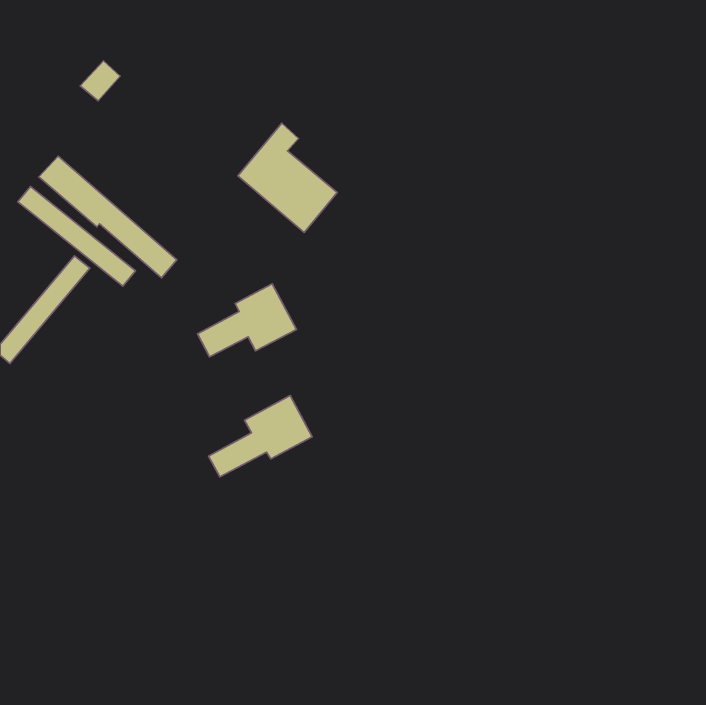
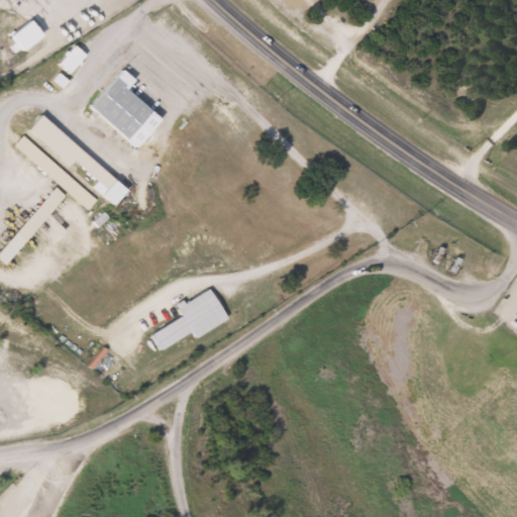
building: none -> [12,19,44,50]
building: [238,123,337,232] -> [91,69,164,148]
building: [197,284,297,357] -> none

